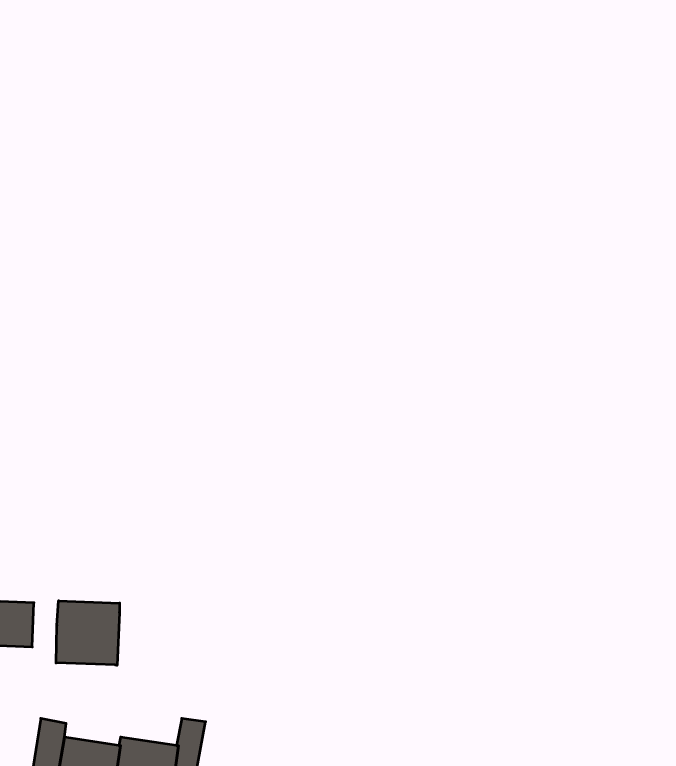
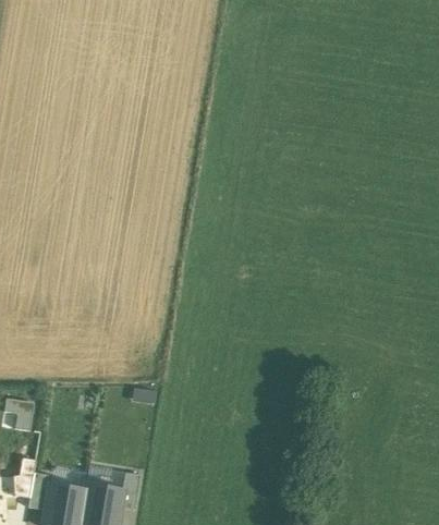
building: [56,601,120,665] -> none

